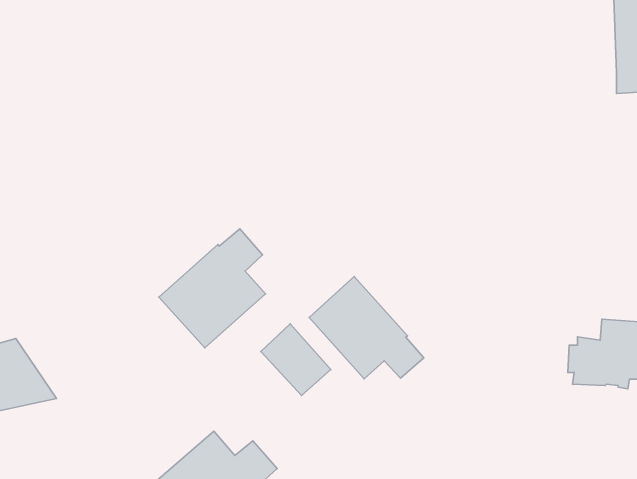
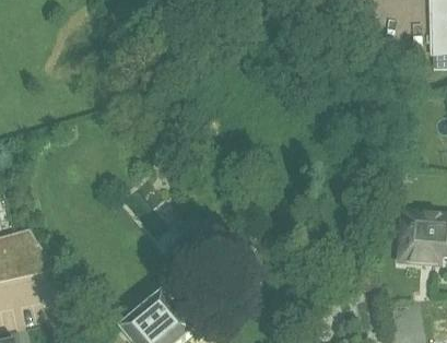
building: [159,229,265,348] -> none
building: [309,277,424,379] -> none

